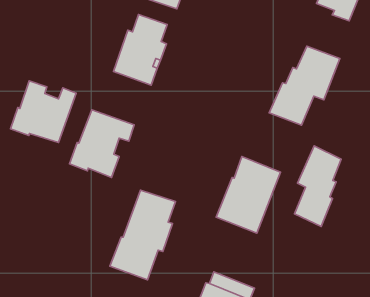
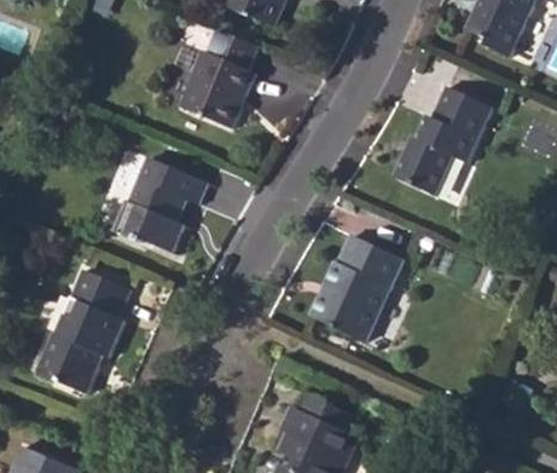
building: [10,81,76,143] -> none
building: [295,146,341,227] -> none
building: [110,190,176,280] -> [35,271,130,394]

